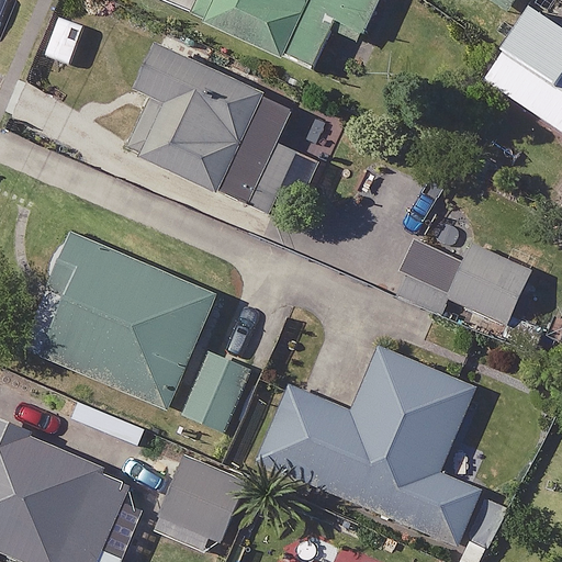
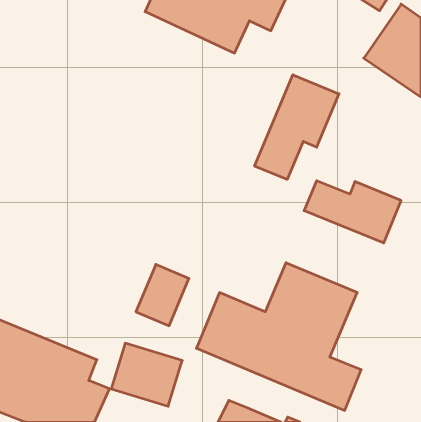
building: [127,42,318,212] -> none
building: none -> [255,75,339,179]
building: [25,235,215,407] -> none

